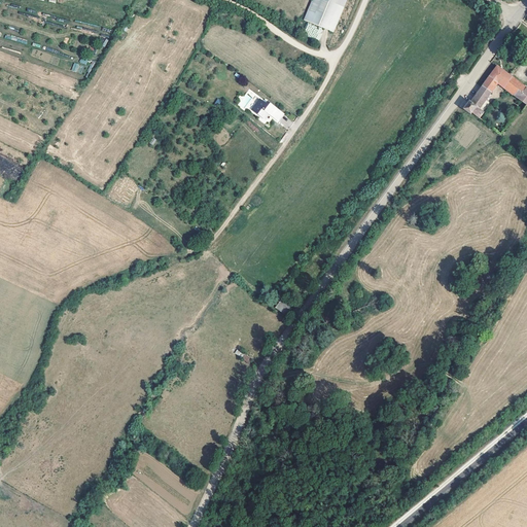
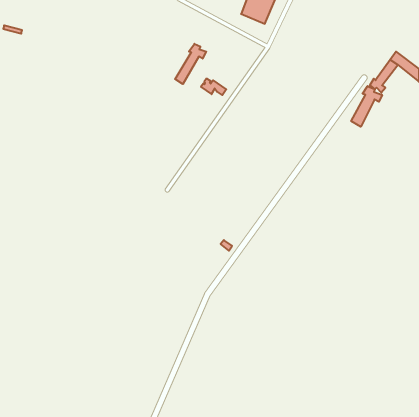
building: none -> [175,44,206,84]
building: none -> [351,86,382,127]

